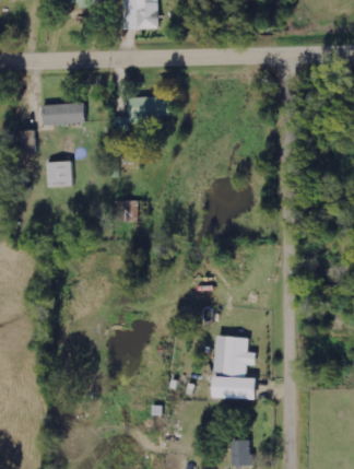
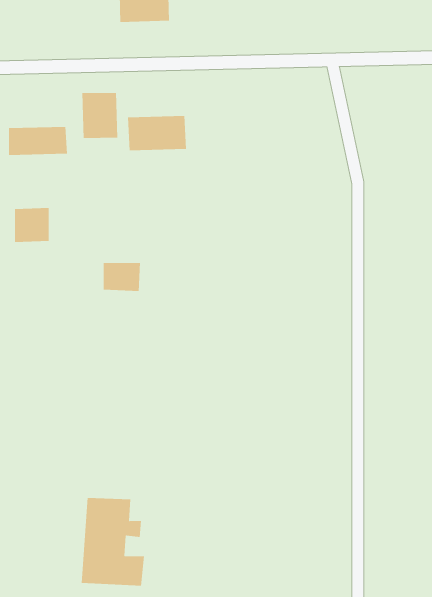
building: none -> [82,92,118,139]
building: [212,336,258,399] -> [81,498,145,586]

